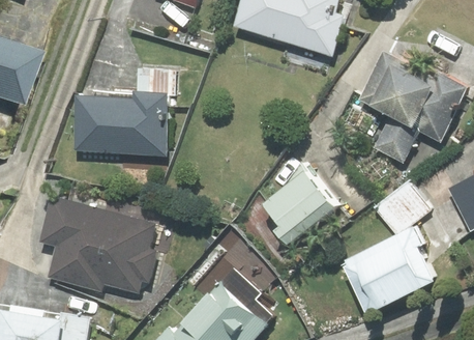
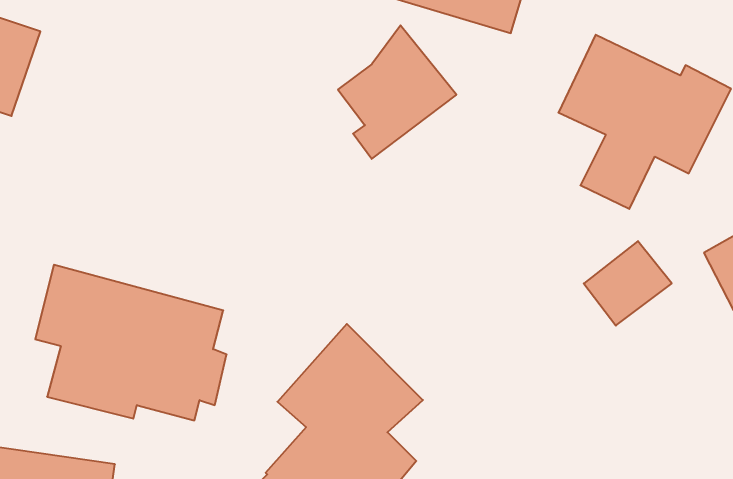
building: [73,68,176,153] -> none
building: [263,165,335,247] -> [338,25,456,159]
building: [339,226,433,314] -> none

